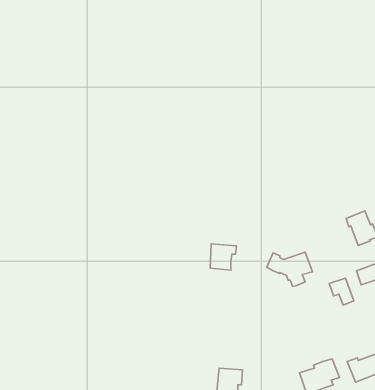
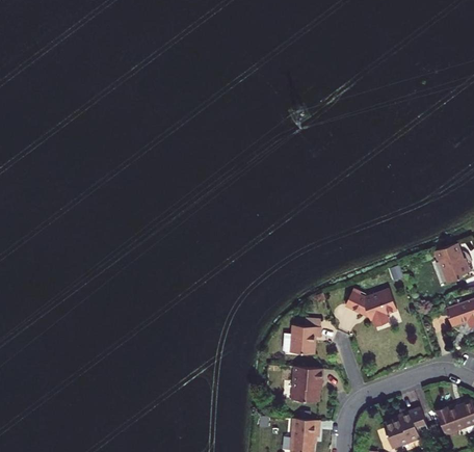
building: [210,244,236,270] -> [291,326,320,355]
building: [329,278,354,305] -> none
building: none -> [291,367,322,402]

